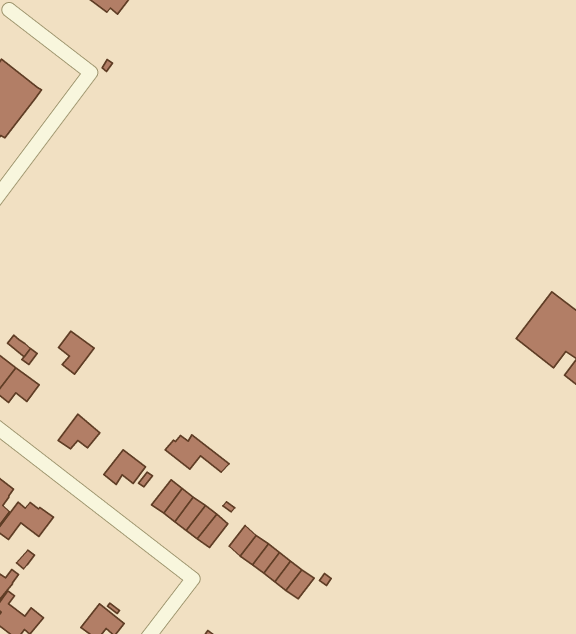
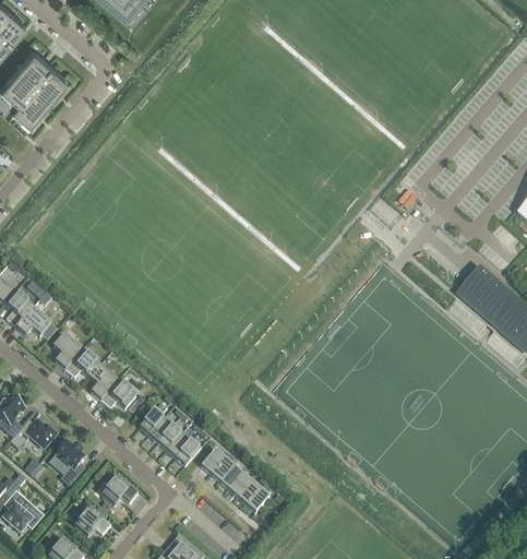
building: [59,331,94,374] -> [53,332,83,368]
building: none -> [89,364,119,399]
building: [165,435,229,472] -> none
building: none -> [57,439,86,484]
building: none -> [103,474,139,503]

